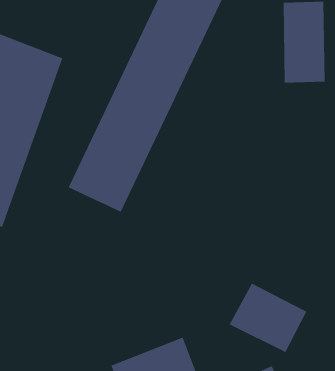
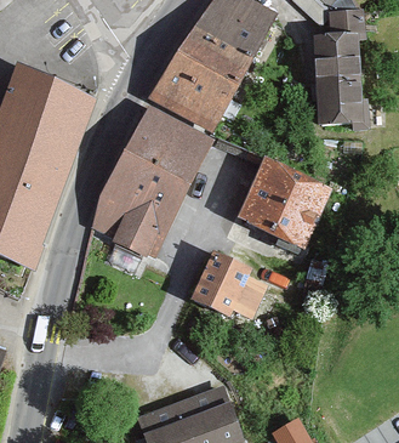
building: none -> [229,160,331,259]
building: [229,283,307,353] -> [189,255,269,326]

